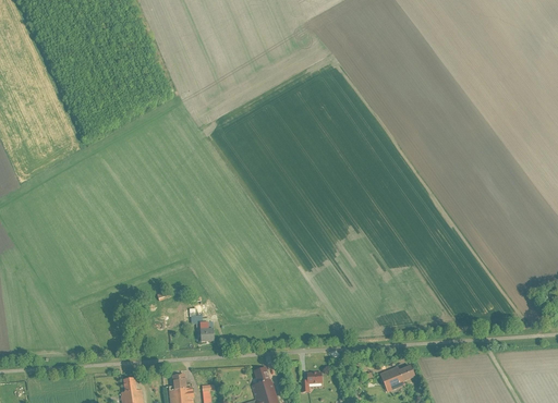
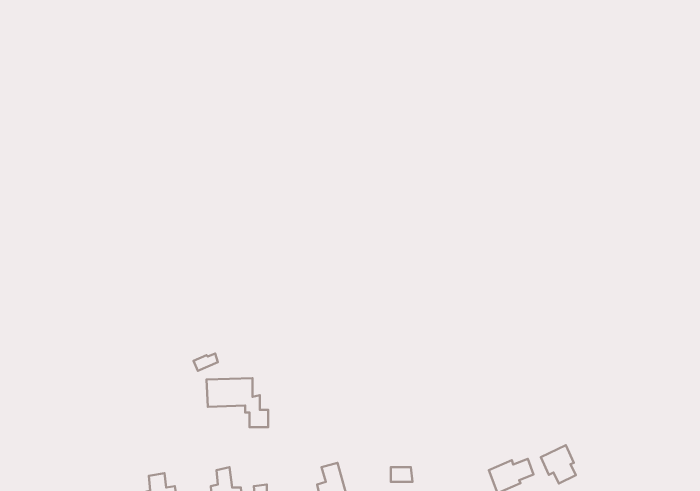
building: none -> [541,445,576,483]

